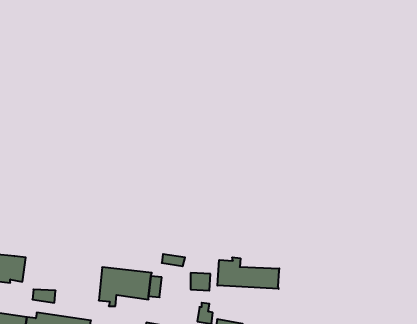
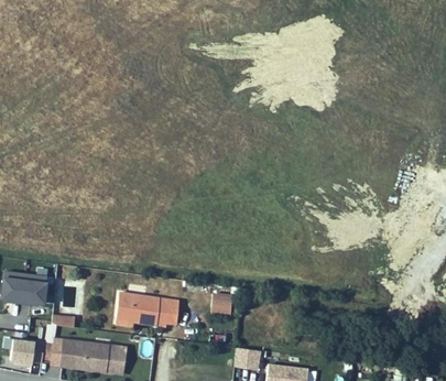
building: [217,257,279,289] -> none

